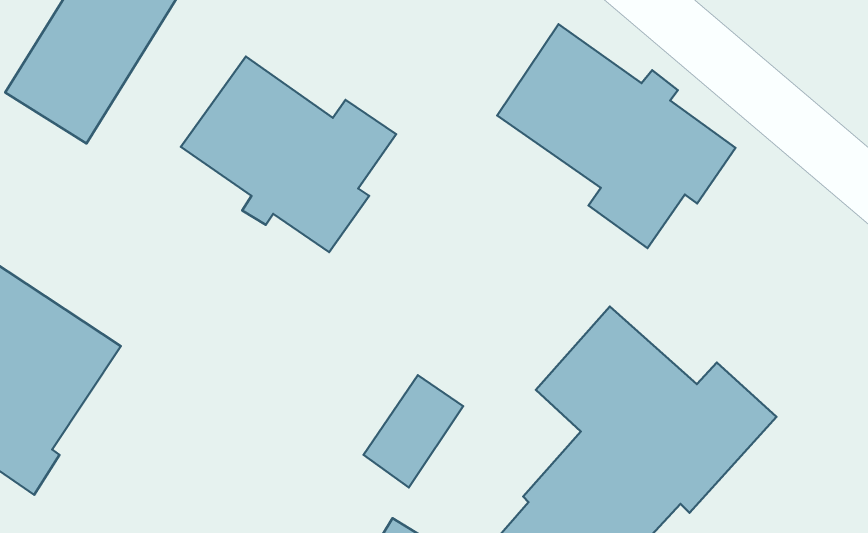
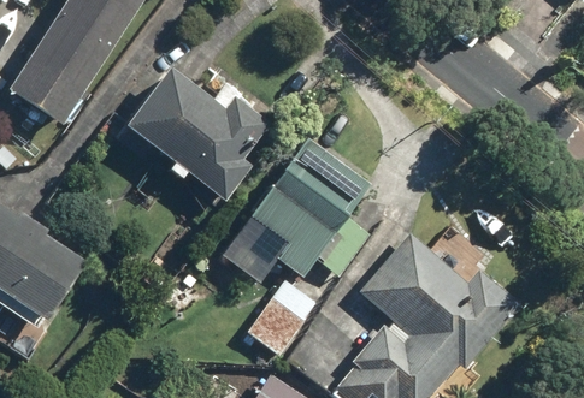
building: [497,24,735,248] -> none
building: none -> [224,141,371,281]

